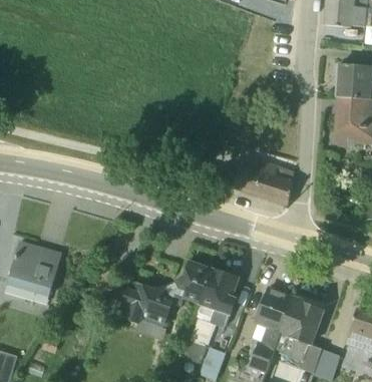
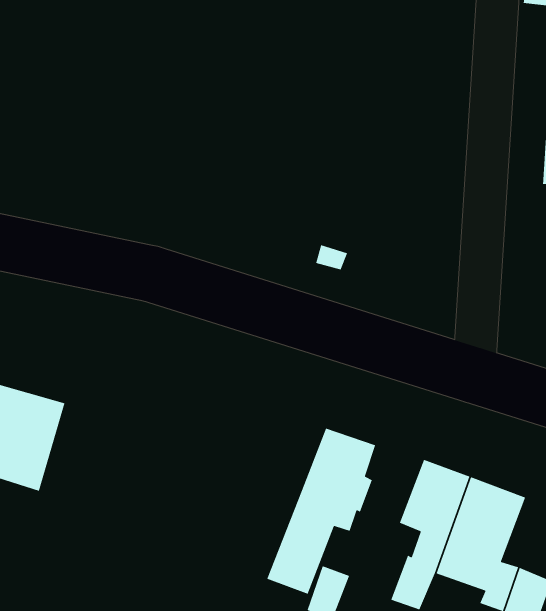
building: [234,159,293,205] -> none
building: [117,261,211,325] -> none

